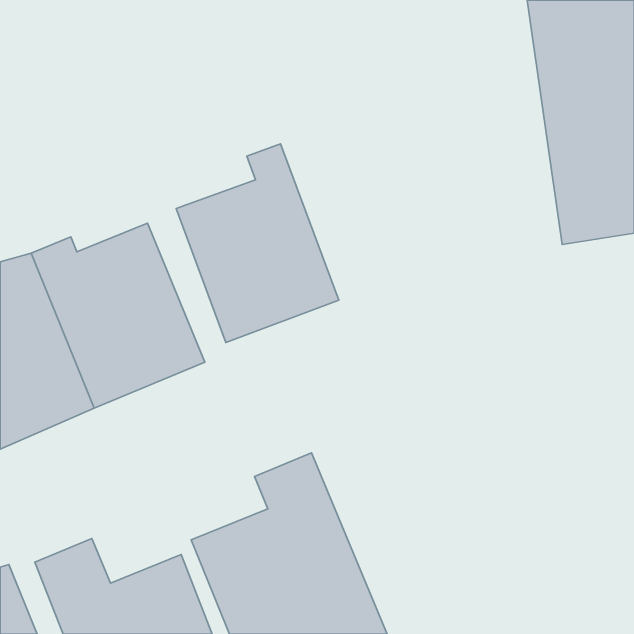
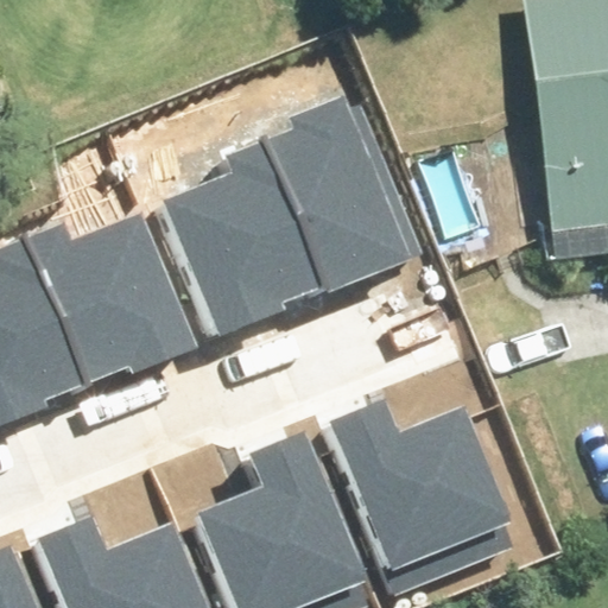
building: none -> [268,89,419,287]
building: none -> [342,408,515,587]

